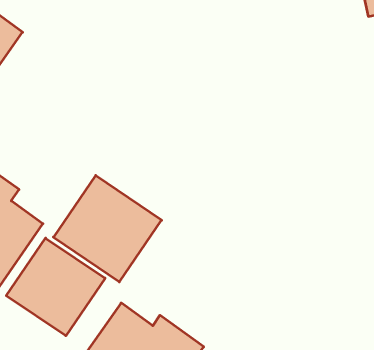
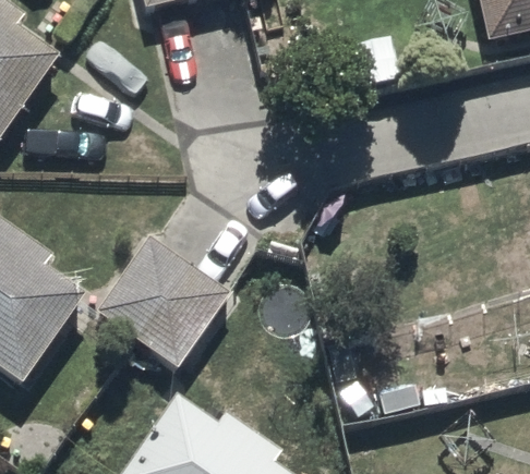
building: [6,238,105,336] -> none

